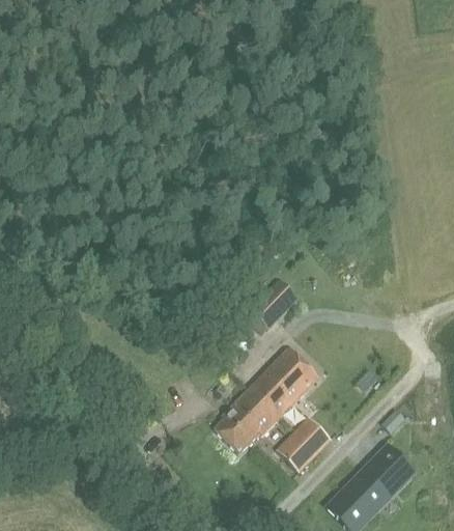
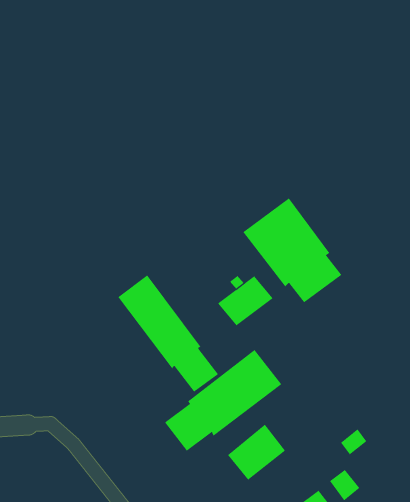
building: none -> [243,197,342,303]
building: none -> [117,274,219,393]

